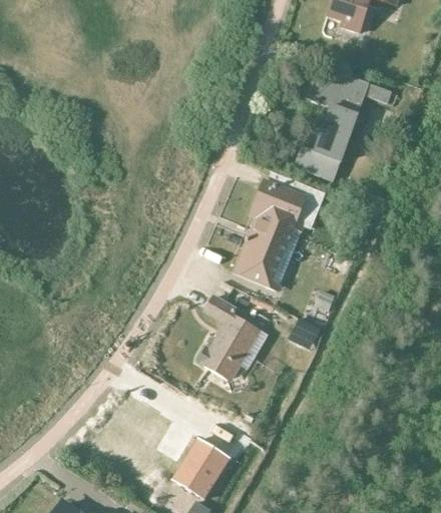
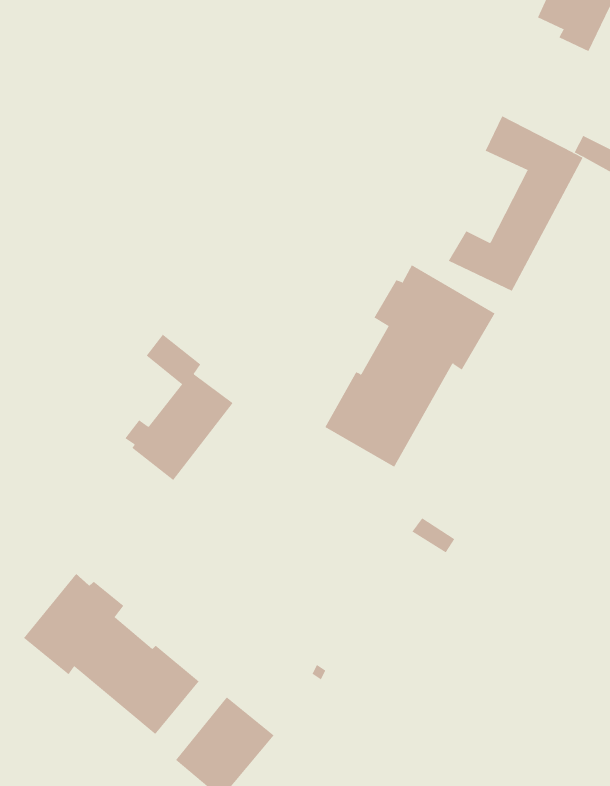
building: [197,295,259,380] -> [124,334,234,481]
building: none -> [23,573,199,735]

